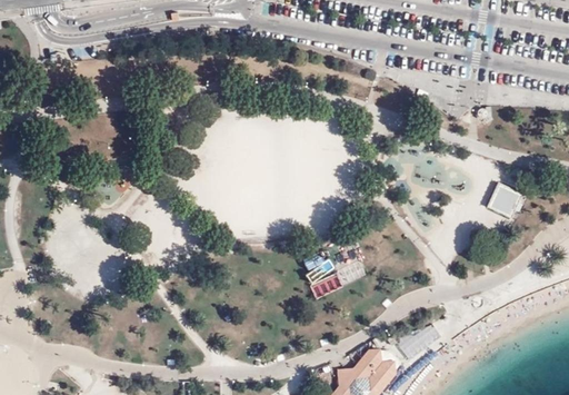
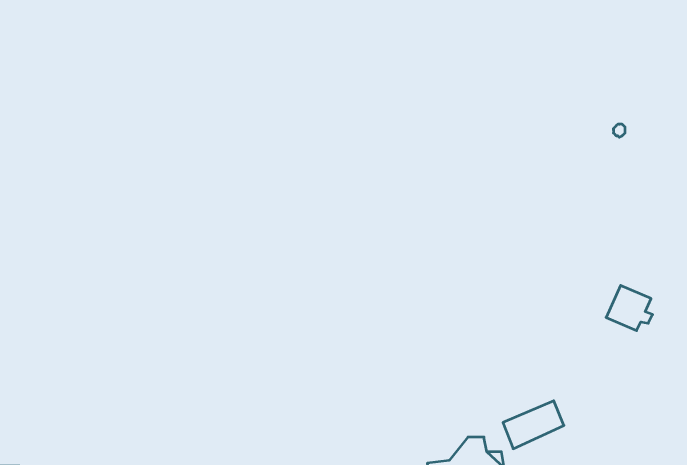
building: [487,181,522,216] -> [606,285,653,331]

